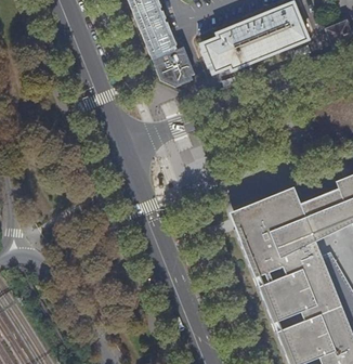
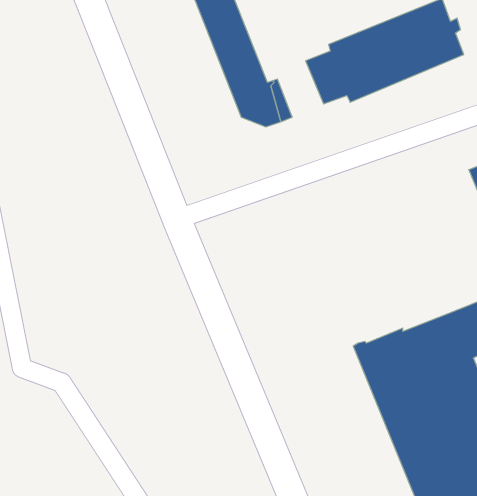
building: [233,186,304,227] -> none

